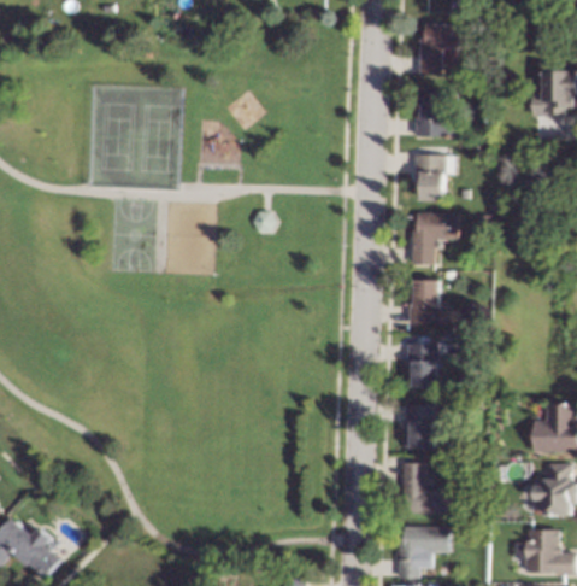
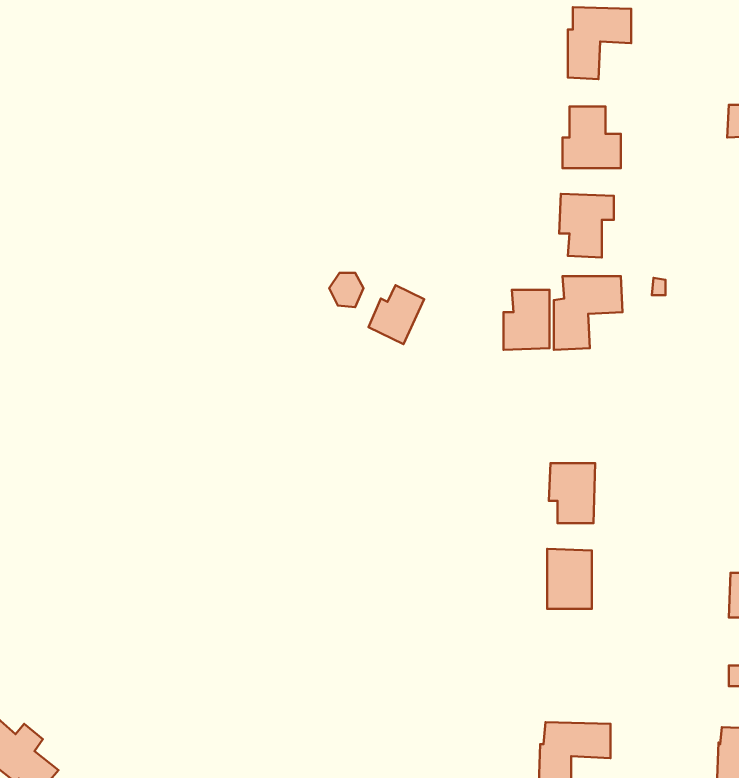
building: none -> [368,285,424,344]
building: [406,280,438,322] -> [503,290,550,350]
building: [400,464,448,512] -> none

